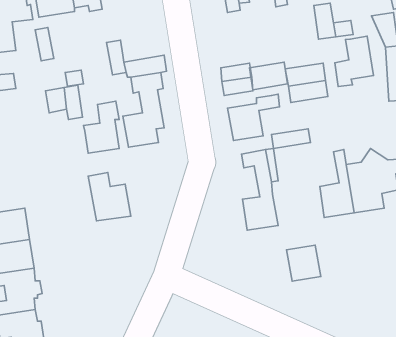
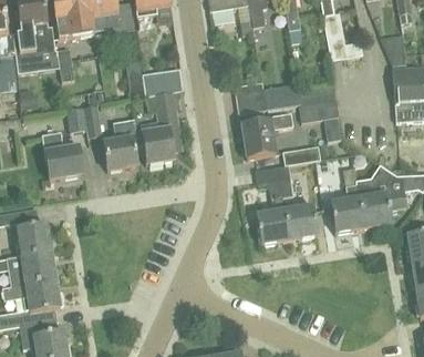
building: [335,36,373,86] -> none
building: [88,173,131,221] -> [43,131,84,177]
building: [286,245,321,281] -> [286,204,319,238]

